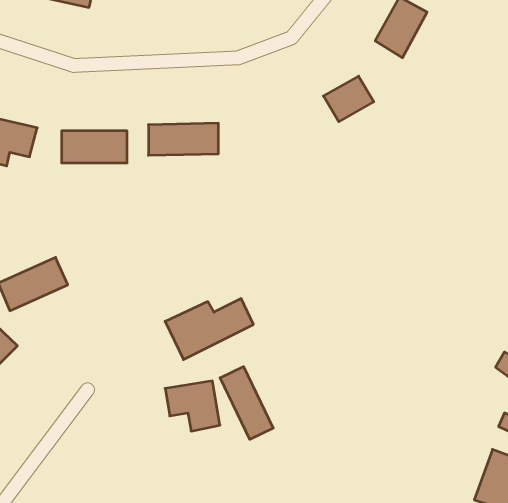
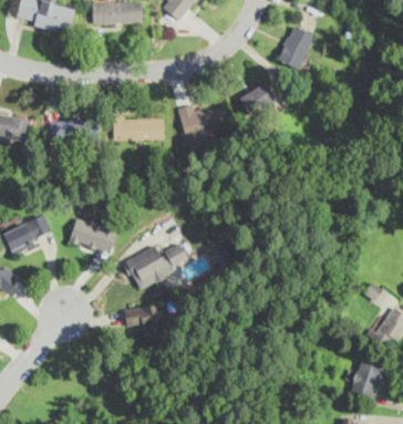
building: none -> [179,103,229,142]
building: none -> [69,215,117,252]
building: [220,367,273,439] -> none

